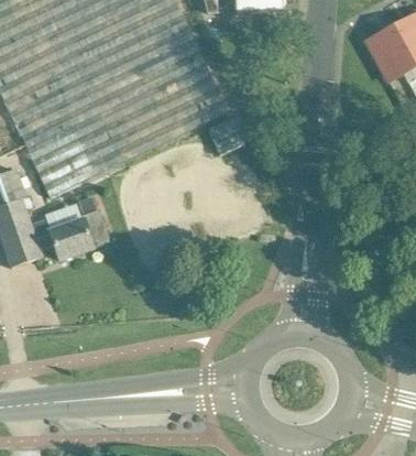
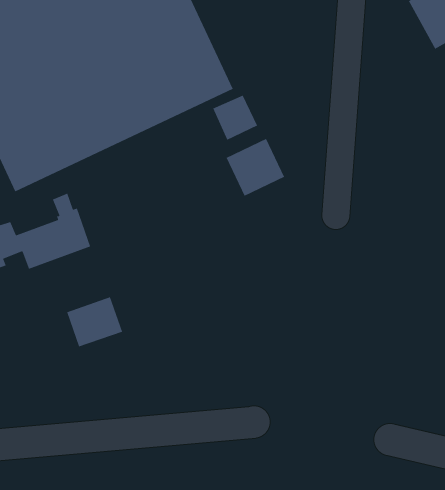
building: none -> [226,138,285,197]
building: none -> [66,296,123,348]

